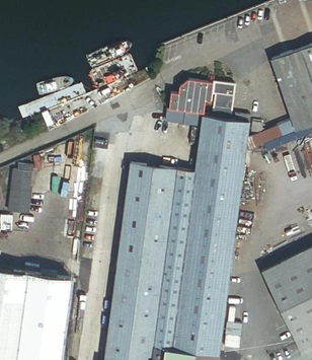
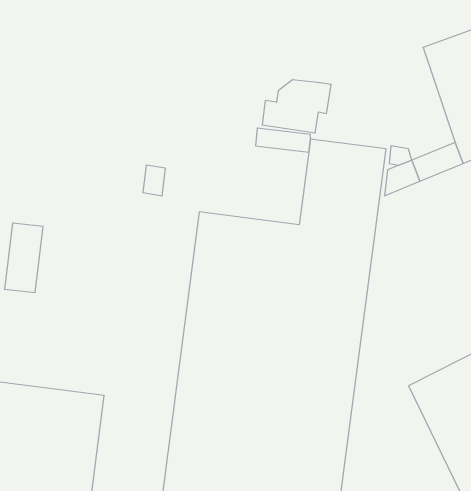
building: [212,83,234,120] -> none

